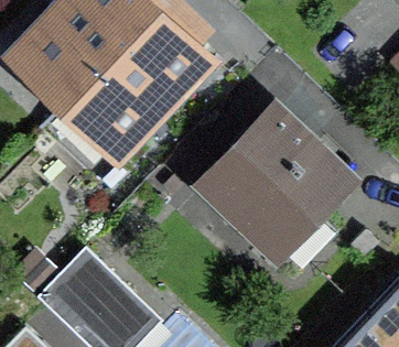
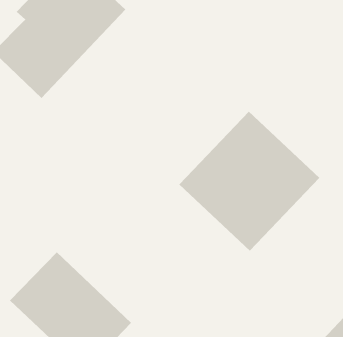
building: [73,12,204,145] -> none

